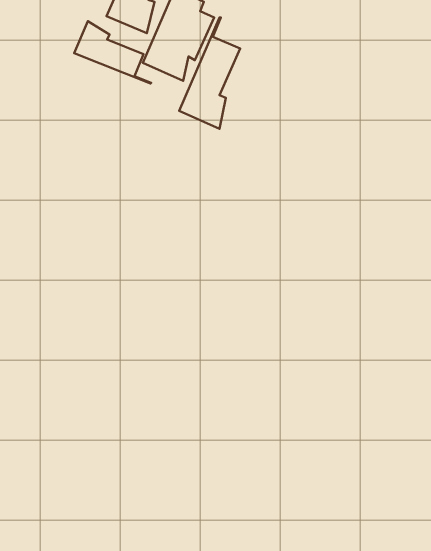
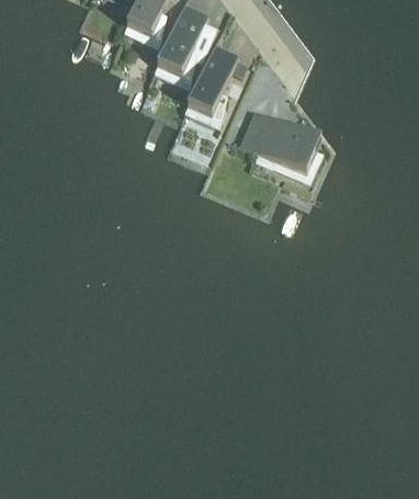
building: [74,21,151,84] -> none
building: none -> [225,111,321,184]

